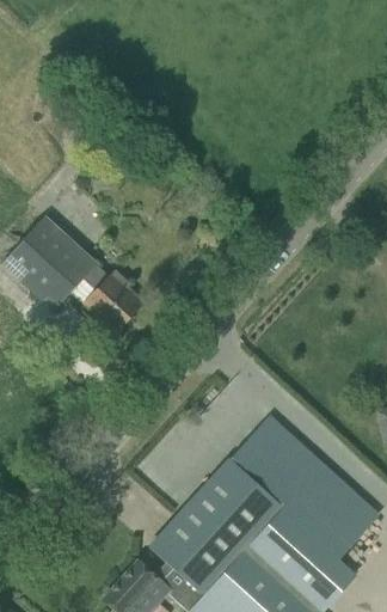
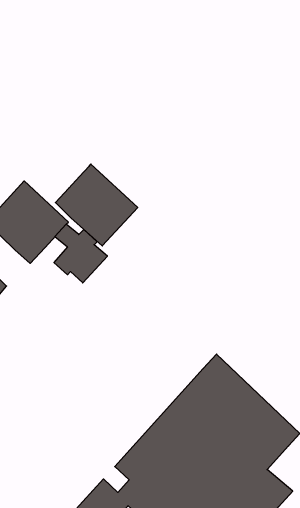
building: none -> [55,164,138,246]

